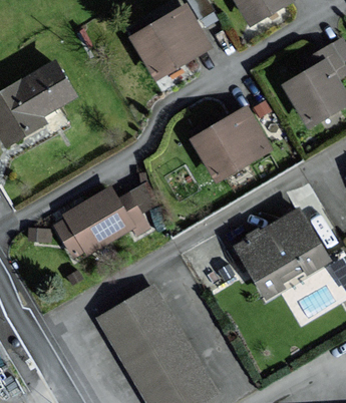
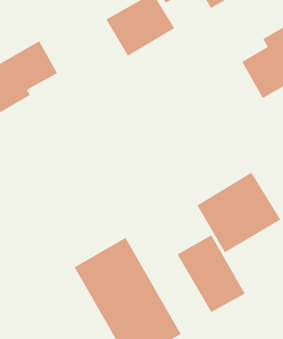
building: [195,107,271,178] -> none
building: [52,183,156,260] -> none
building: none -> [177,235,245,313]

